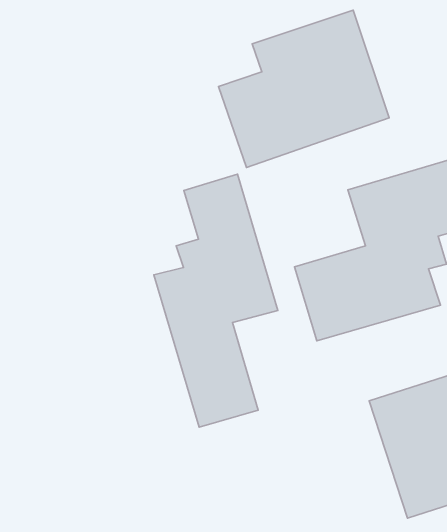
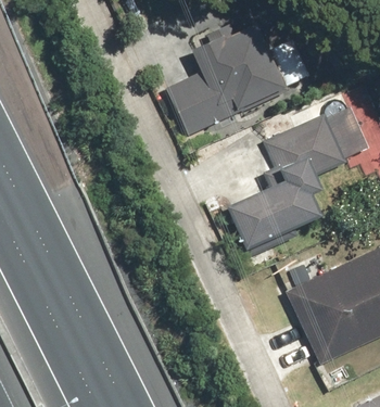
building: [154,174,278,427] -> none

